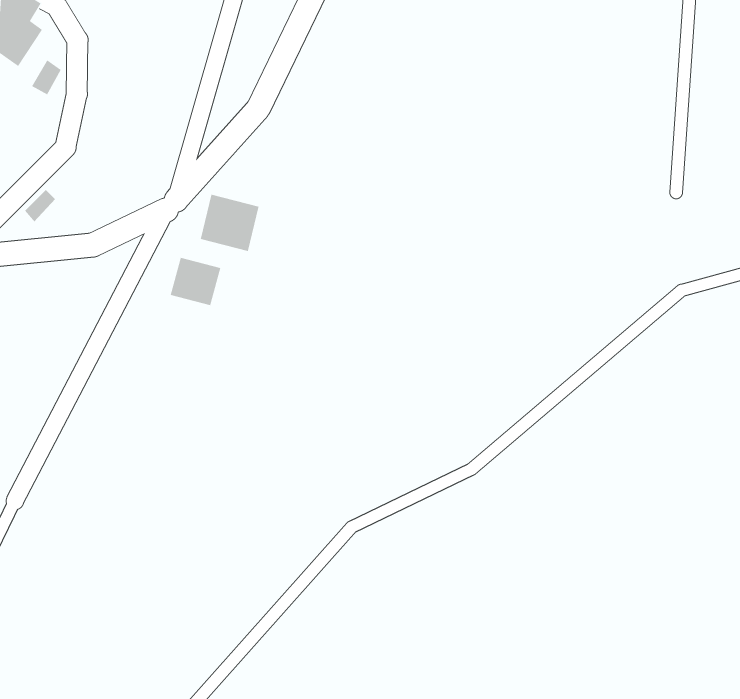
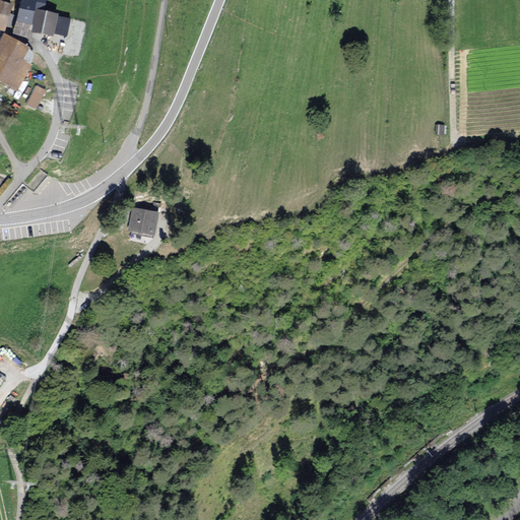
building: [200,194,259,252] -> none

